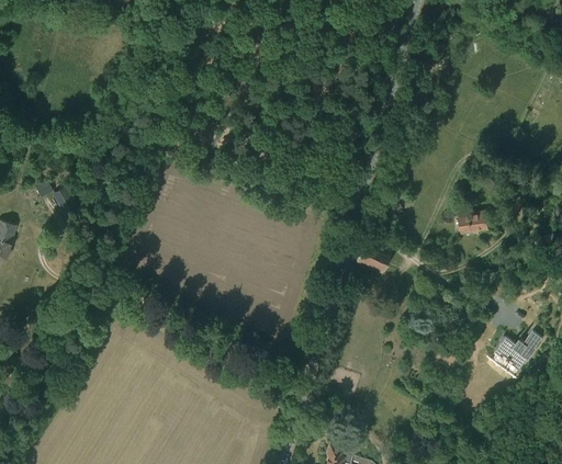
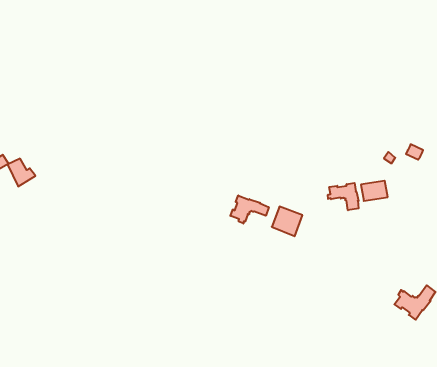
building: none -> [328,183,359,210]
building: none -> [230,195,269,224]

